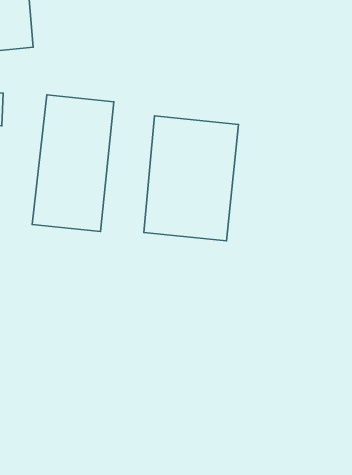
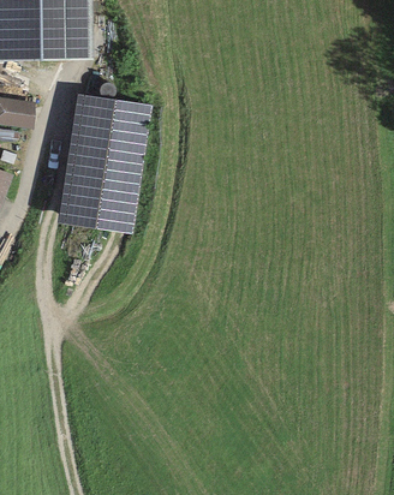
building: [144,116,239,241] -> none

